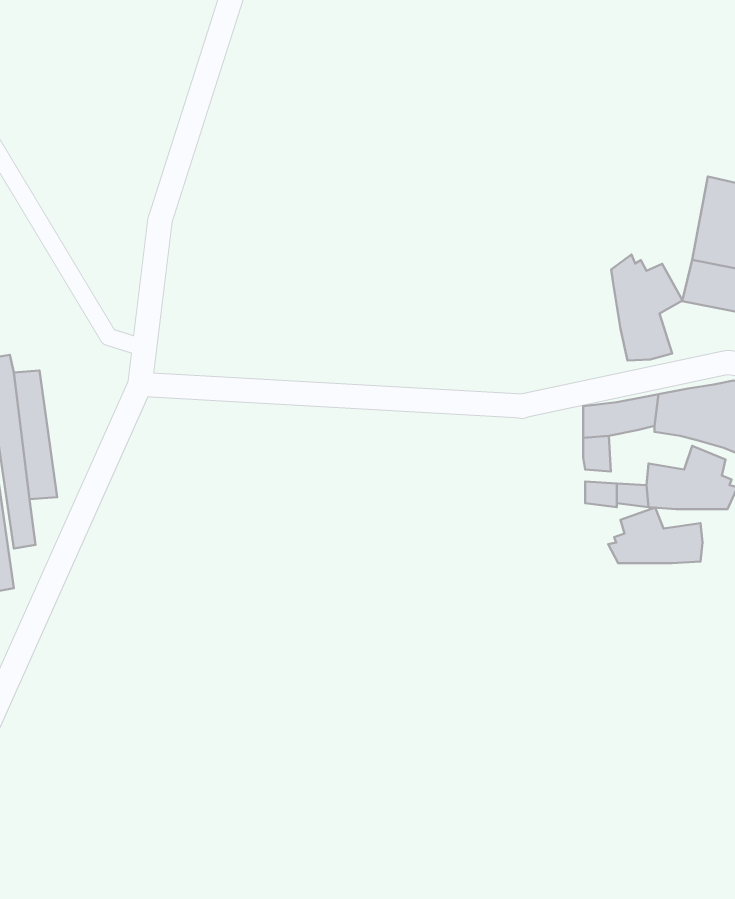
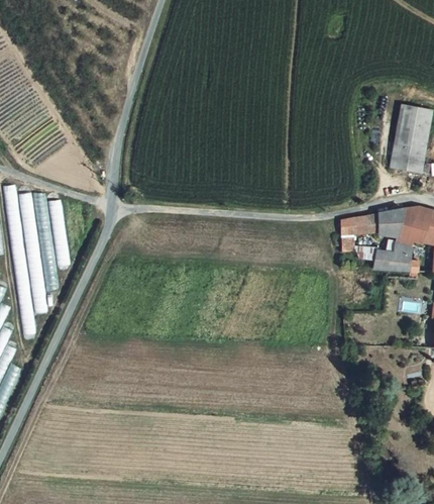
building: [611,255,682,361] -> none
building: [608,508,703,563] -> none

